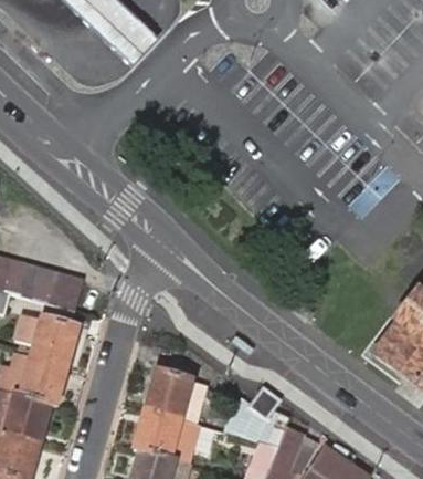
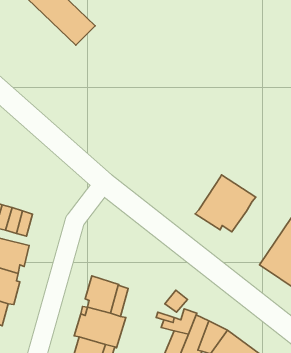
building: none -> [195,175,256,232]

